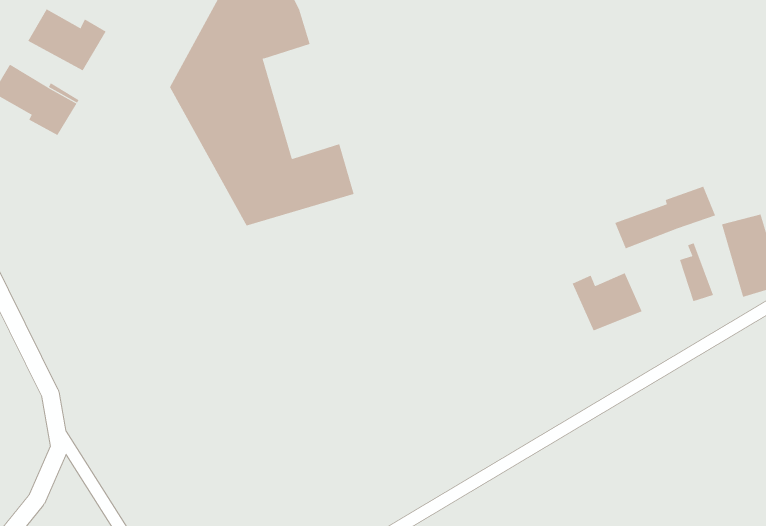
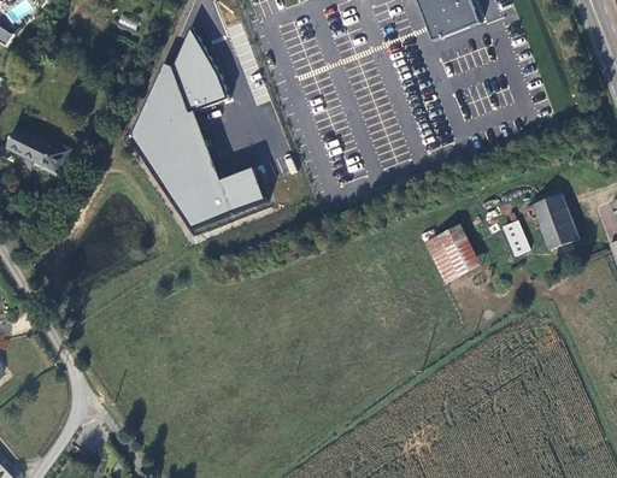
building: [28,8,107,71] -> none
building: [615,186,716,249] -> none

